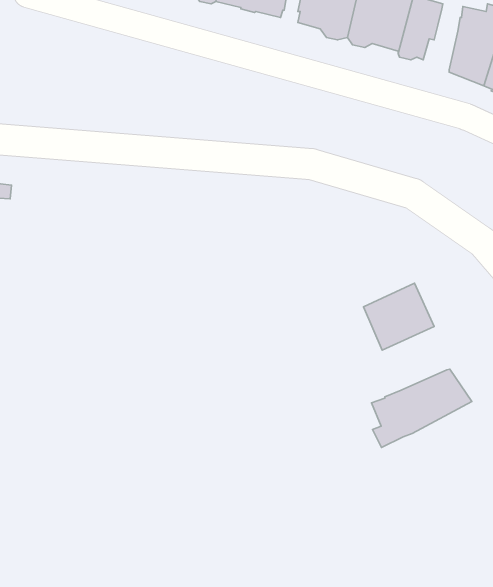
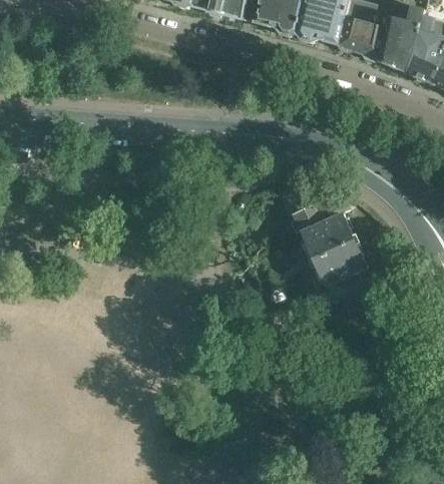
building: none -> [358,9,389,60]
building: none -> [294,196,351,250]
building: [372,369,472,448] -> none

